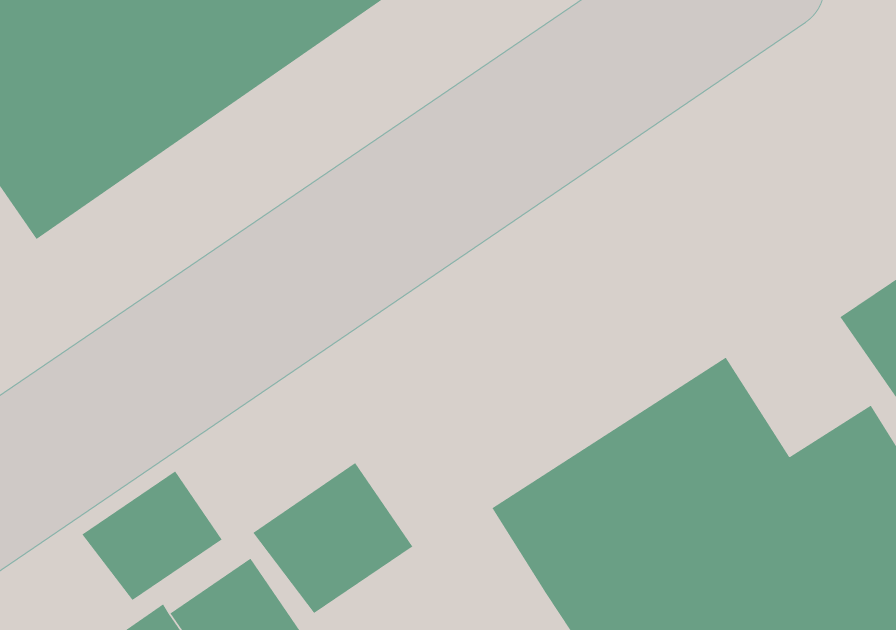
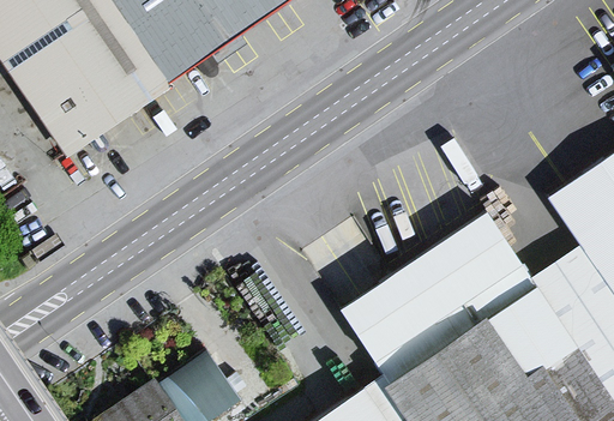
building: [252,462,413,614] -> none
building: [81,470,222,601] -> none

